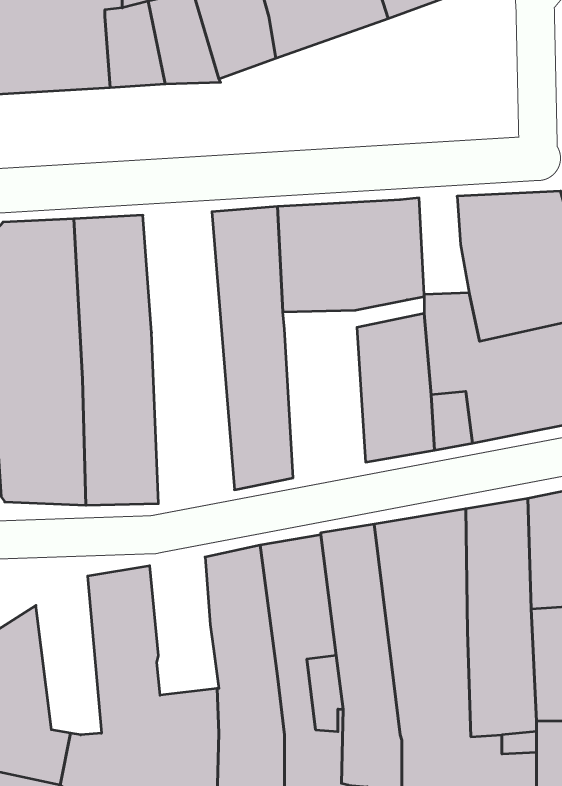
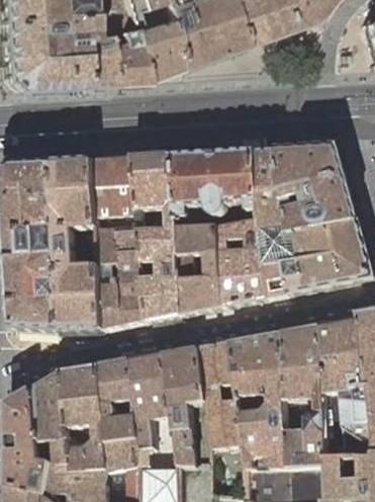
building: none -> [254,147,283,204]
building: none -> [92,156,146,327]
building: none -> [175,224,222,312]
building: none -> [96,358,136,439]
building: none -> [29,369,68,463]

